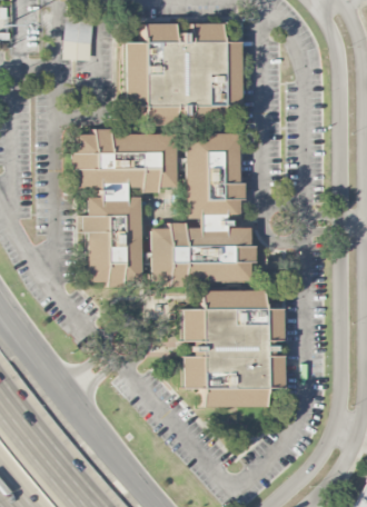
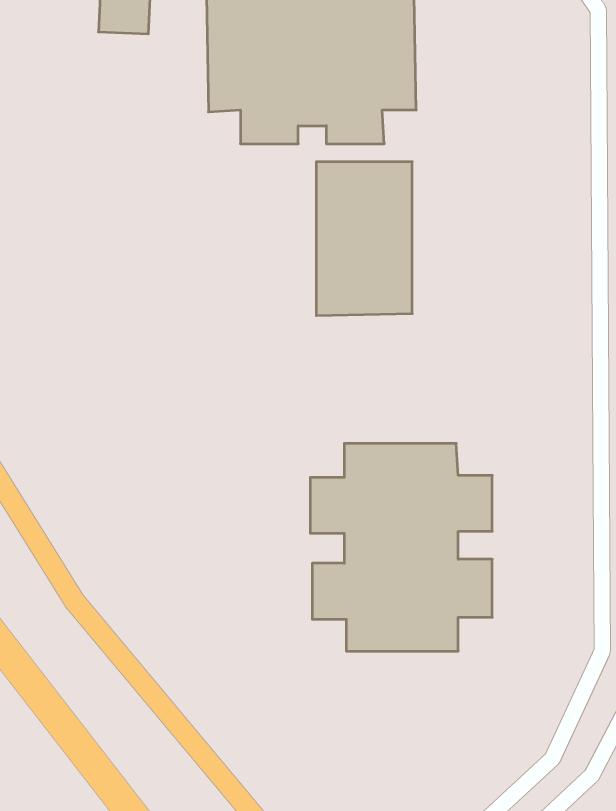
building: [77,133,177,188] -> none
building: [88,197,142,282] -> none
building: [152,227,251,280] -> none

